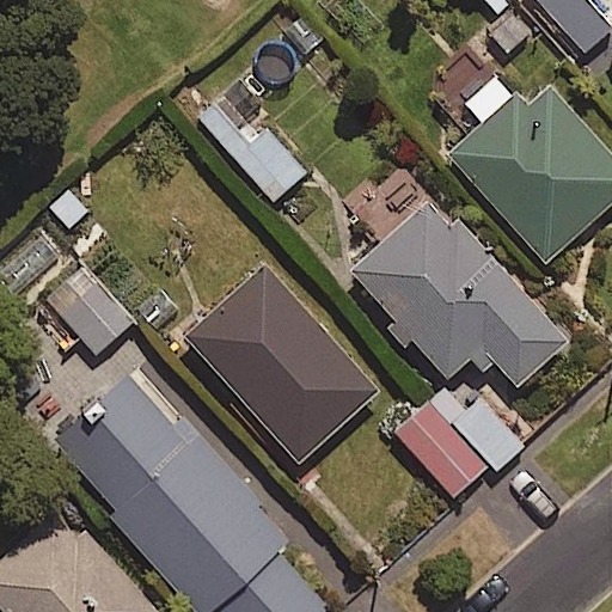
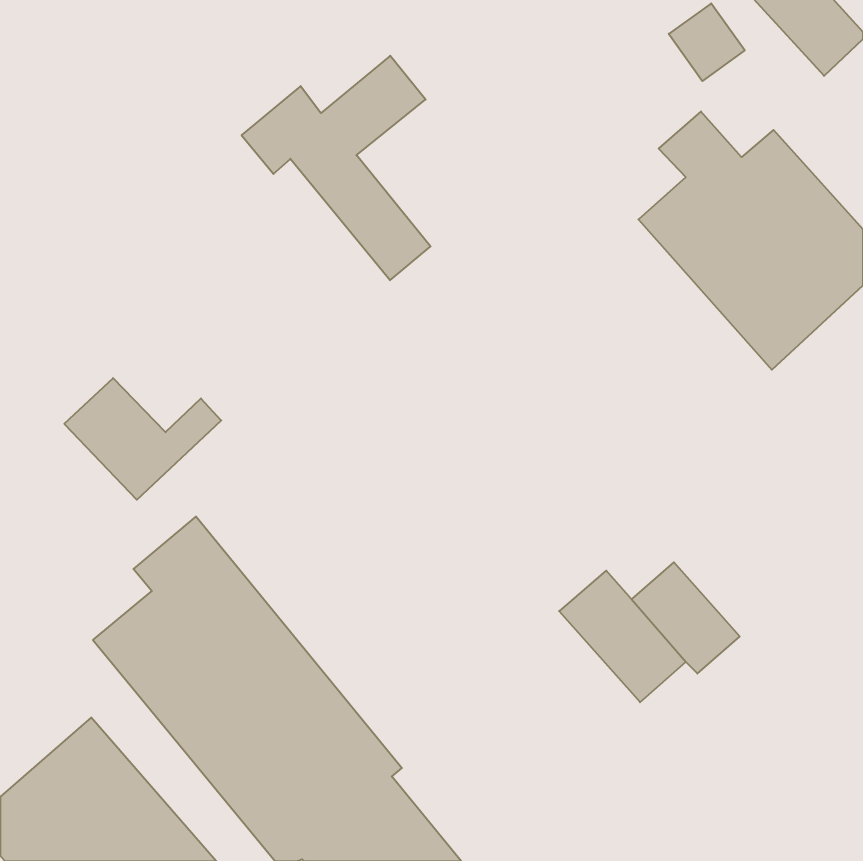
building: [351,176,565,388] -> none
building: [186,268,377,463] -> none

